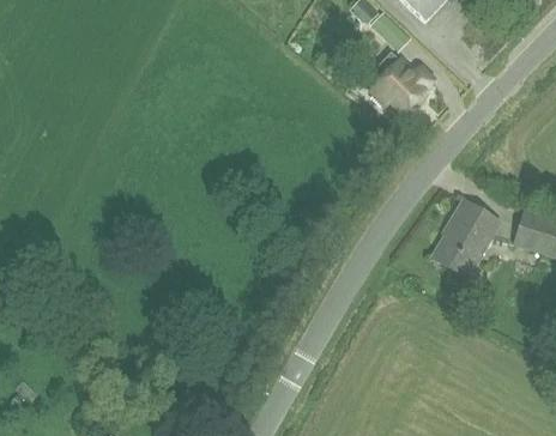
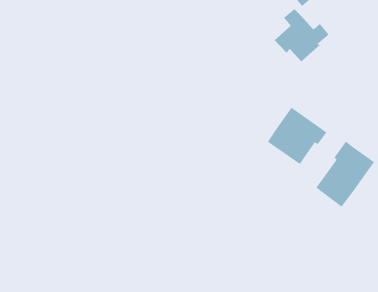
building: none -> [267,107,327,165]

